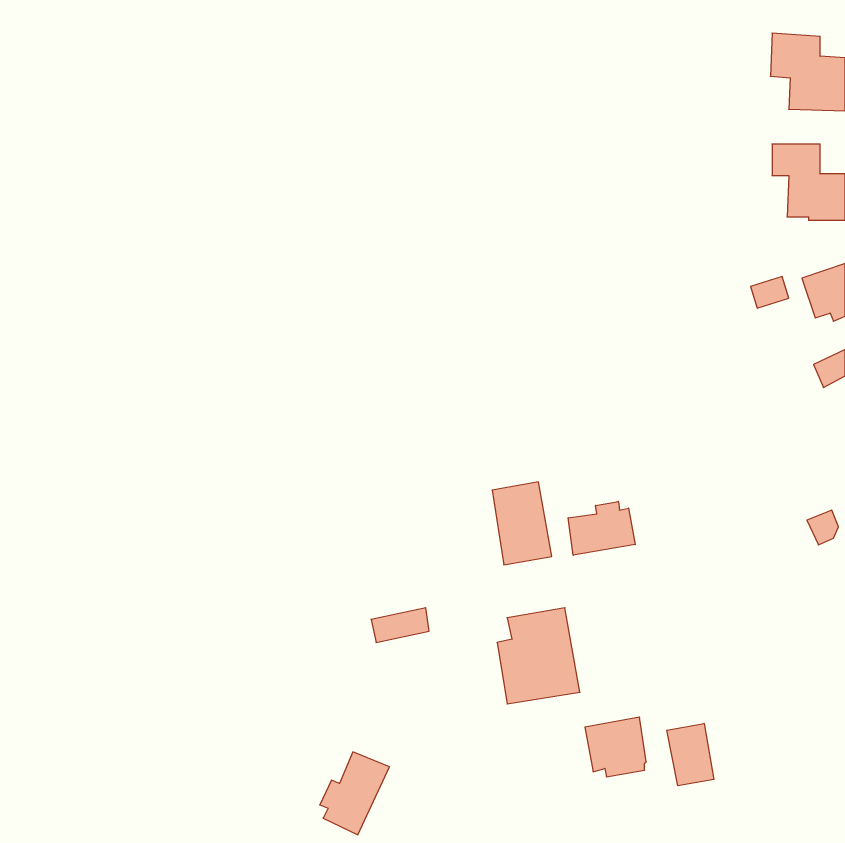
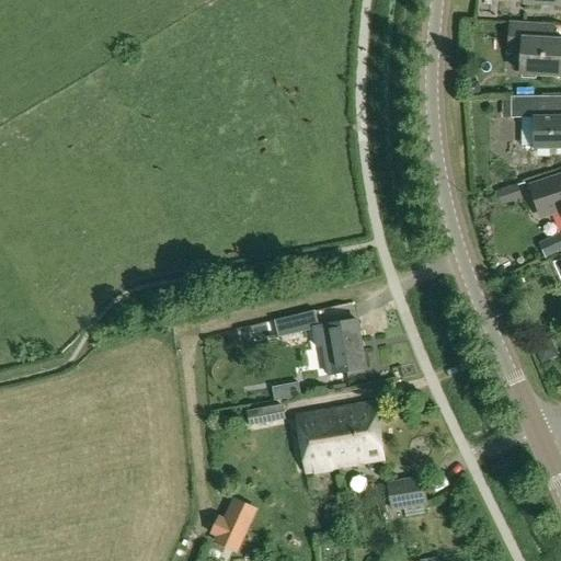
building: none -> [275,309,319,335]
building: [568,501,635,555] -> none
building: none -> [297,409,339,471]
building: [667,723,714,786] -> none

